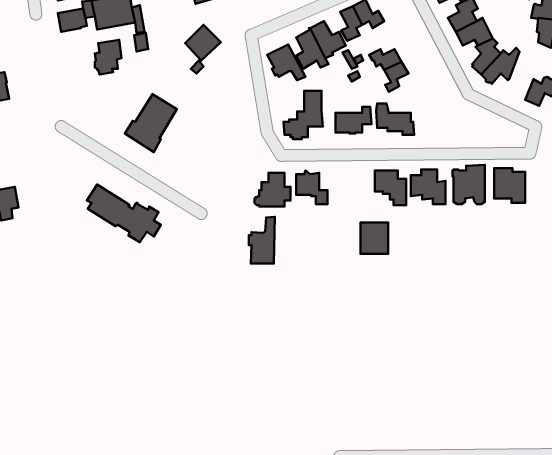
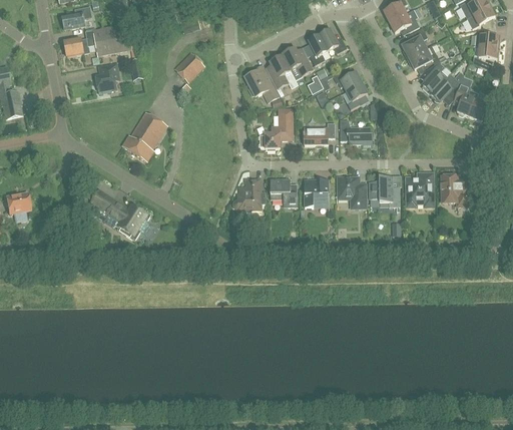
building: none -> [454,75,475,115]
building: [249,217,275,263] -> none
building: [360,223,388,254] -> [304,178,328,205]

